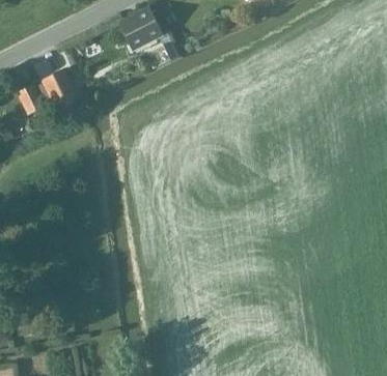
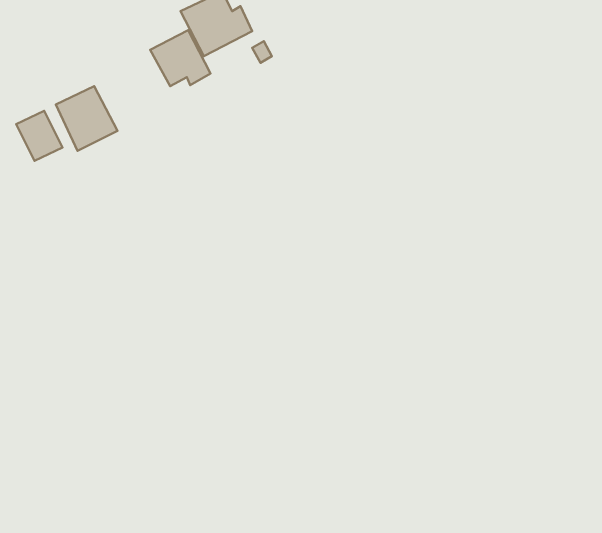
building: none -> [150,30,210,86]

